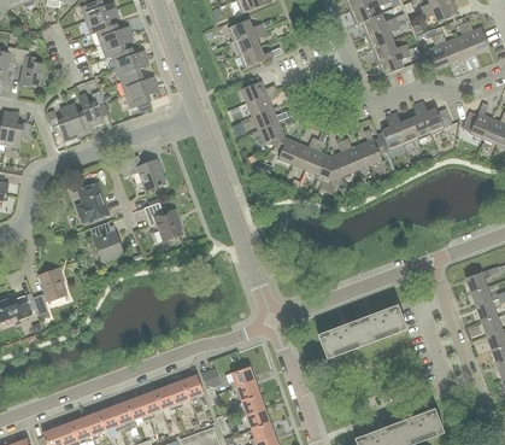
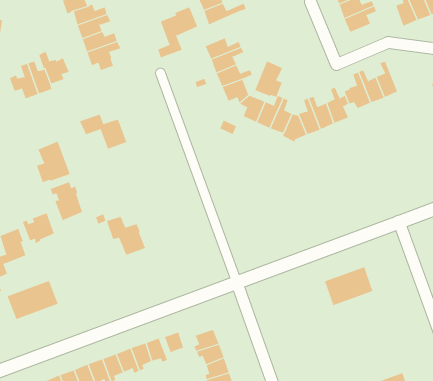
building: none -> [157,7,198,58]
building: [418,101,452,134] -> none
building: none -> [255,60,283,98]
building: [145,203,183,241] -> [106,216,146,255]
building: none -> [22,212,54,244]
building: none -> [7,280,58,320]
building: [318,320,366,359] -> none

